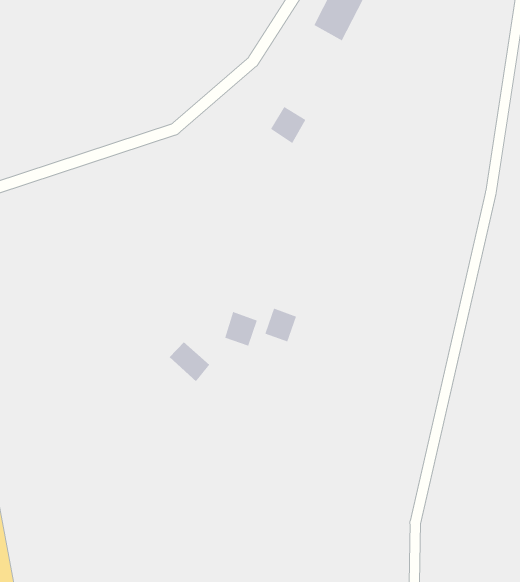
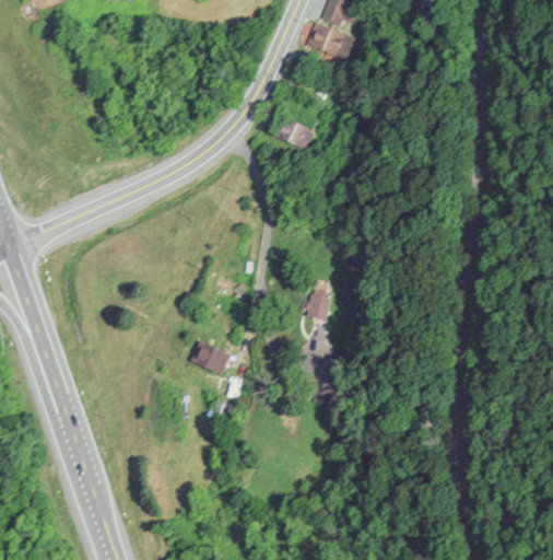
building: [225,311,258,347] -> none
building: [169,341,210,382] -> [192,340,228,373]

